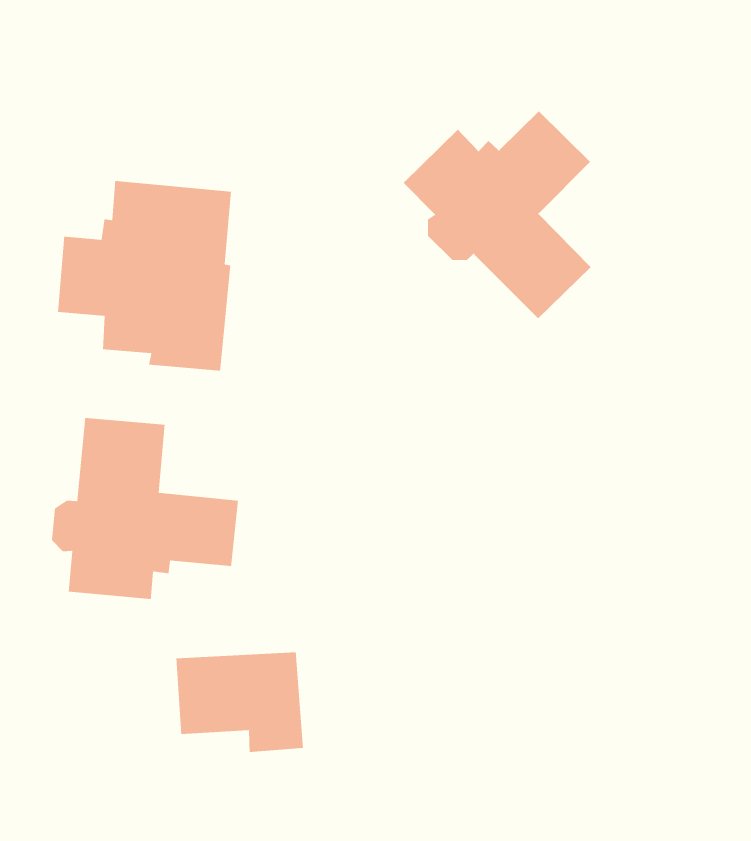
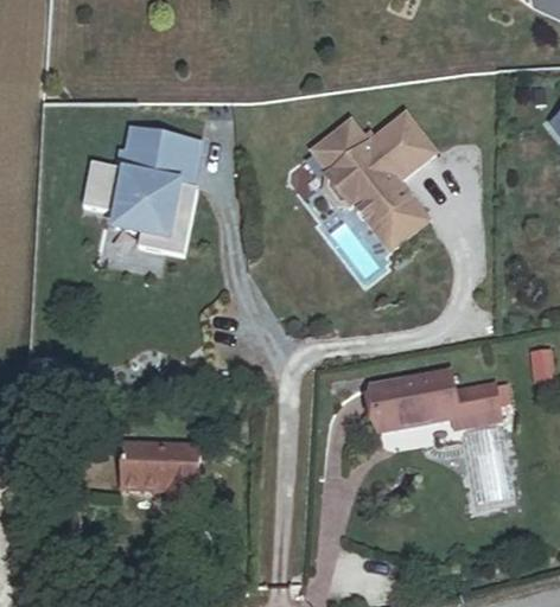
building: [51,417,239,600] -> none
building: none -> [367,370,502,434]

